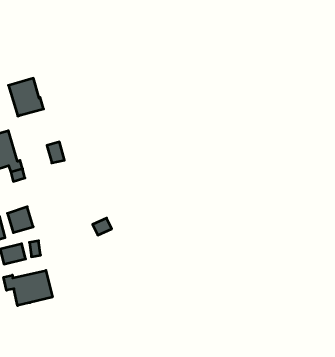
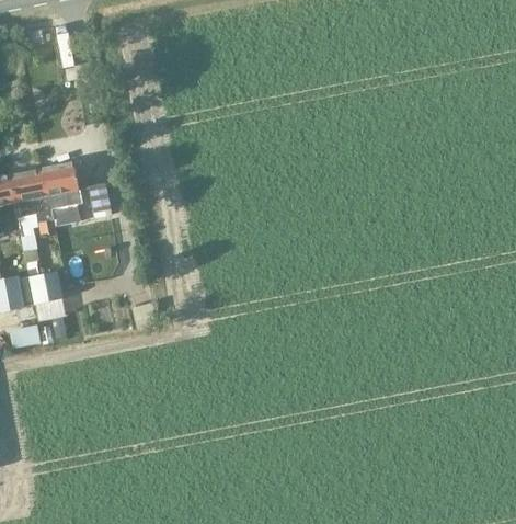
building: [8,78,44,116] -> [38,163,81,210]
building: [4,270,52,306] -> none

